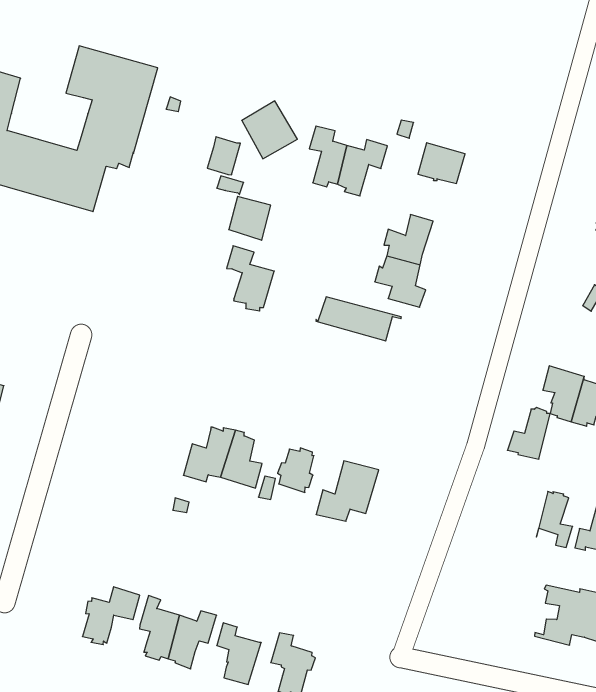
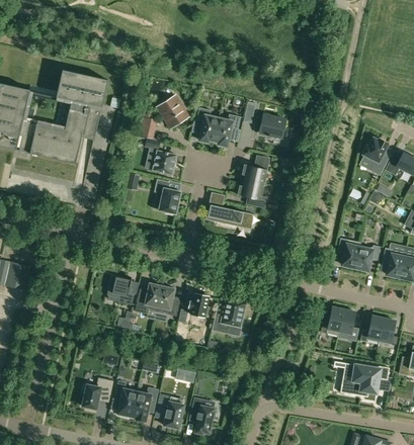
building: [507,408,550,459] -> [320,305,343,335]
building: none -> [107,274,135,304]

